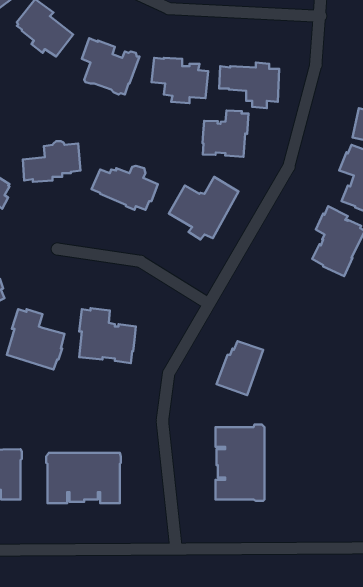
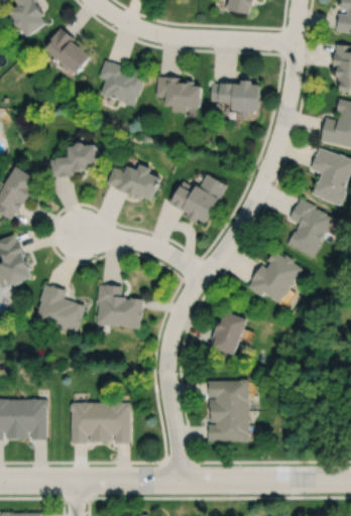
building: [203,110,248,157] -> none
building: none -> [247,249,303,300]

